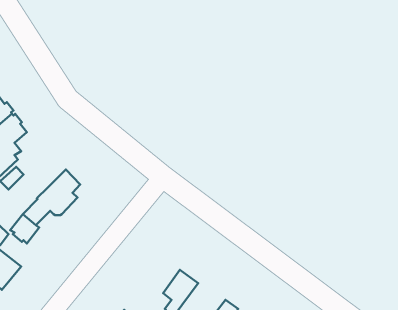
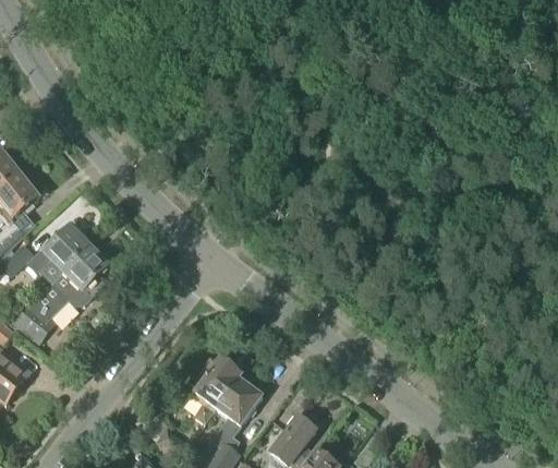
building: none -> [27,227,89,284]
building: none -> [192,357,242,422]

